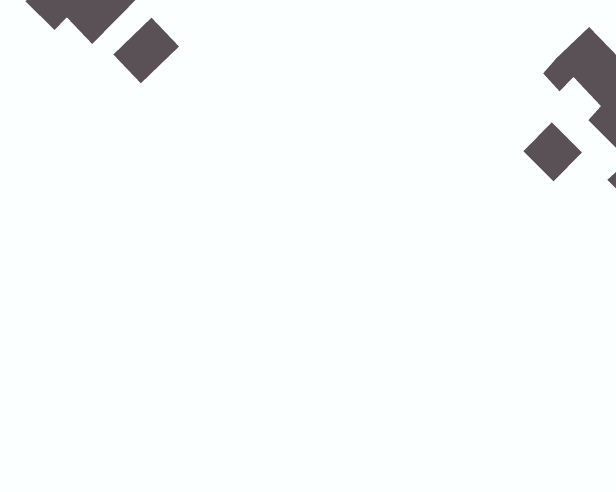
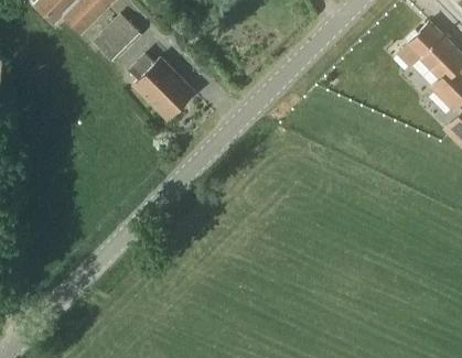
building: none -> [130,53,196,118]
building: [522,121,583,182] -> none

